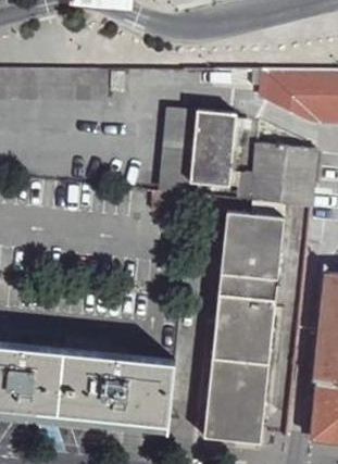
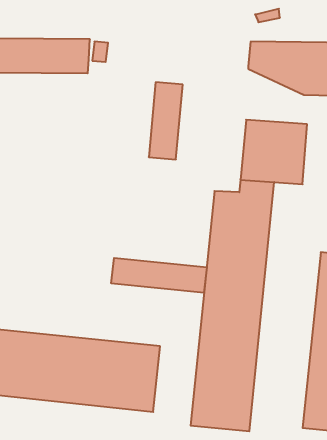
building: [190,112,243,188] -> none
building: none -> [111,258,207,293]

